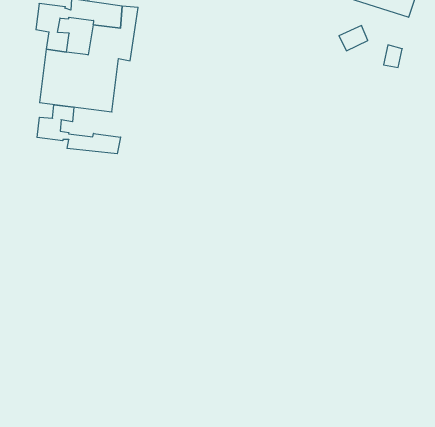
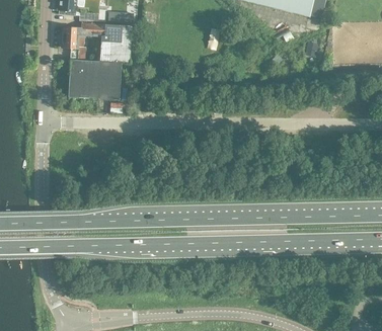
building: [37,105,121,154] -> none

